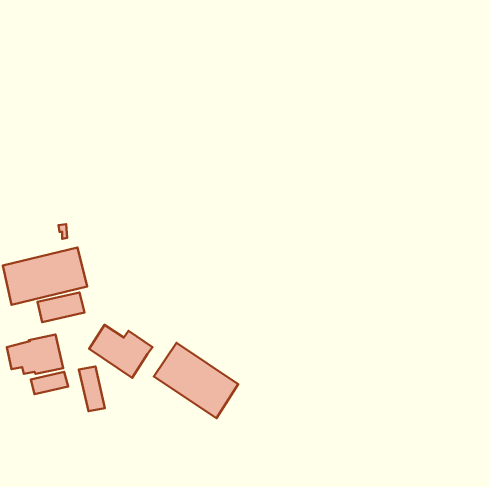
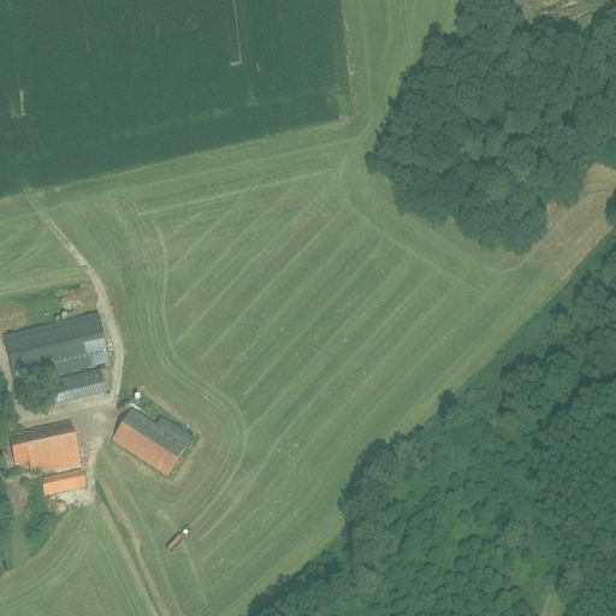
building: [154,343,238,418] -> none
building: [79,367,105,411] -> none

